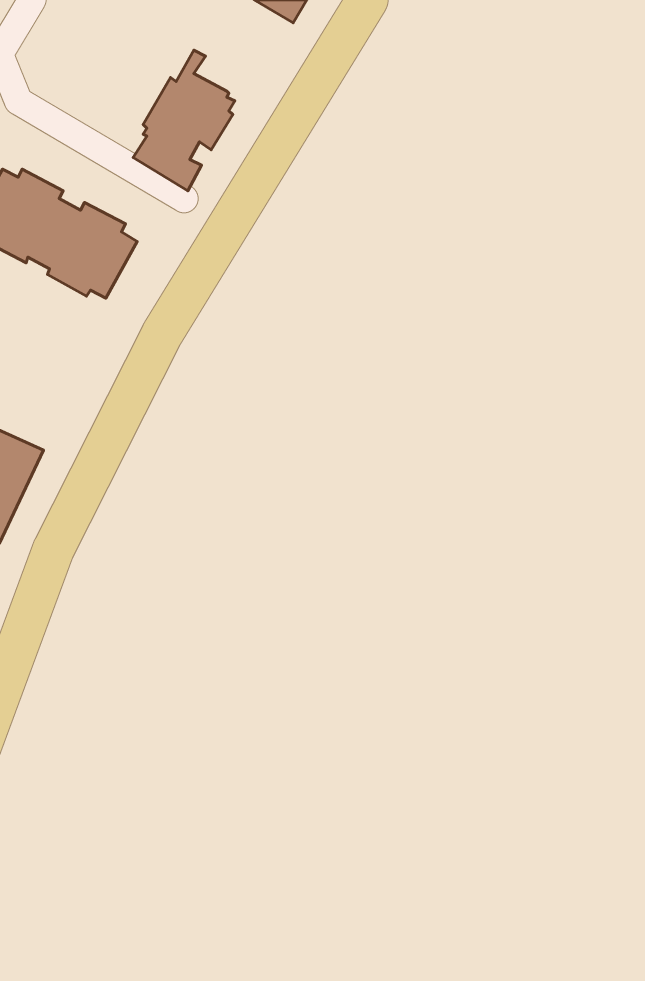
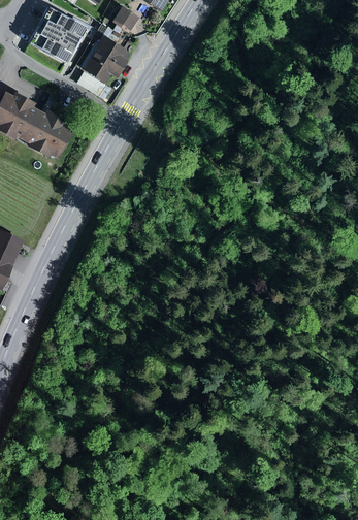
building: none -> [26,7,94,64]
building: none -> [110,7,137,33]

